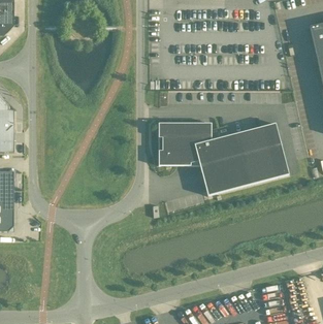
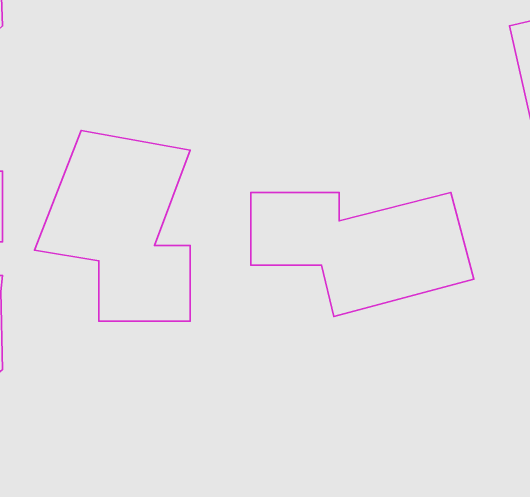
building: none -> [34,131,190,321]

